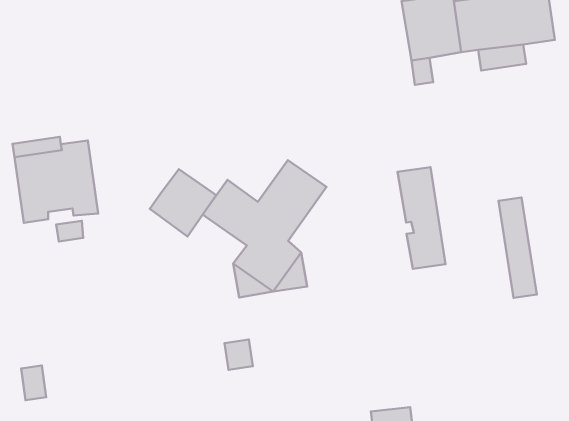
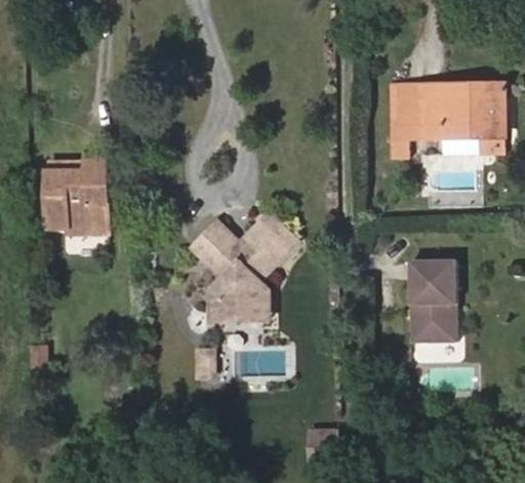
building: [398,167,446,269] -> [410,264,439,346]
building: [150,169,216,236] -> none

